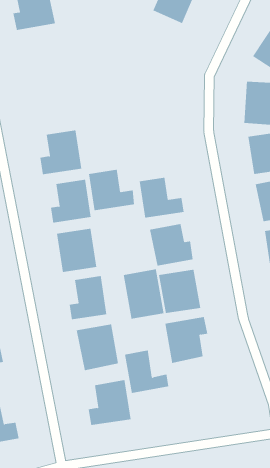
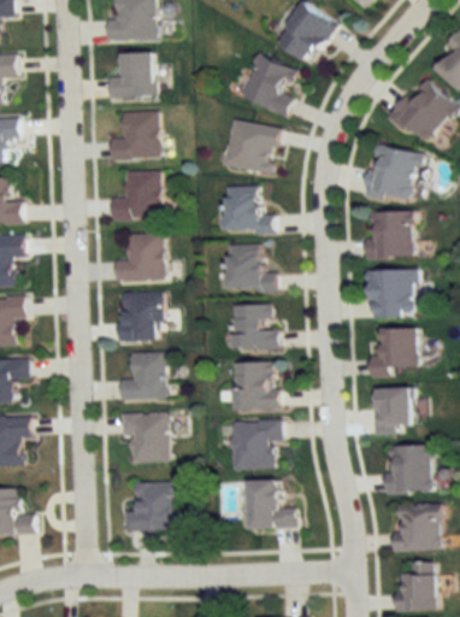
building: none -> [241,55,299,114]
building: none -> [107,53,153,98]
building: none -> [222,119,281,175]
building: none -> [110,110,159,159]
building: [88,169,135,211] -> [223,187,275,233]
building: [123,269,164,320] -> none
building: [124,350,169,393] -> [247,480,295,529]

